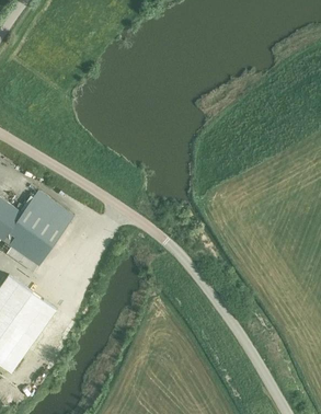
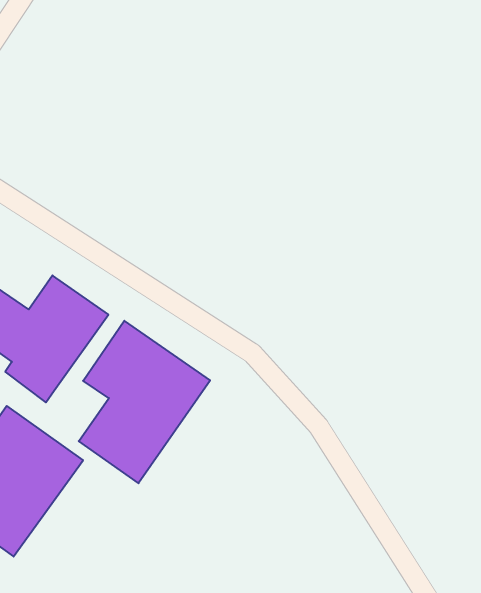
building: none -> [79,321,210,483]

